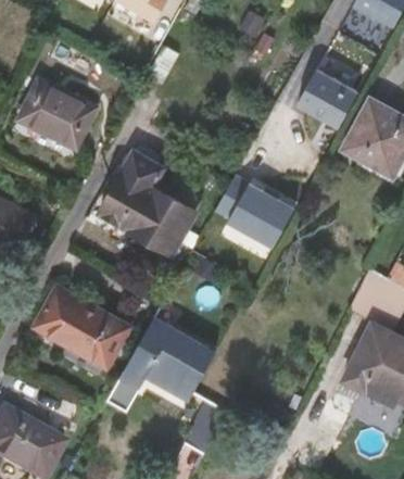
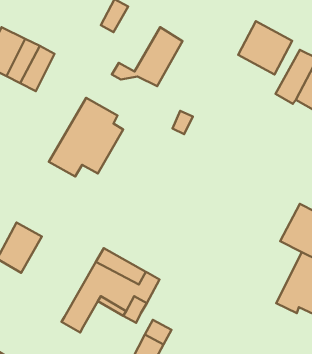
building: [233,182,293,241] -> none
building: [122,187,200,252] -> [112,27,183,86]
building: [59,305,128,378] -> none

